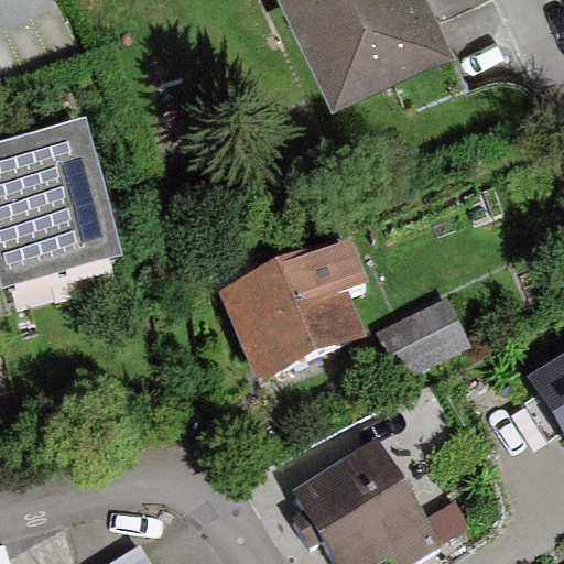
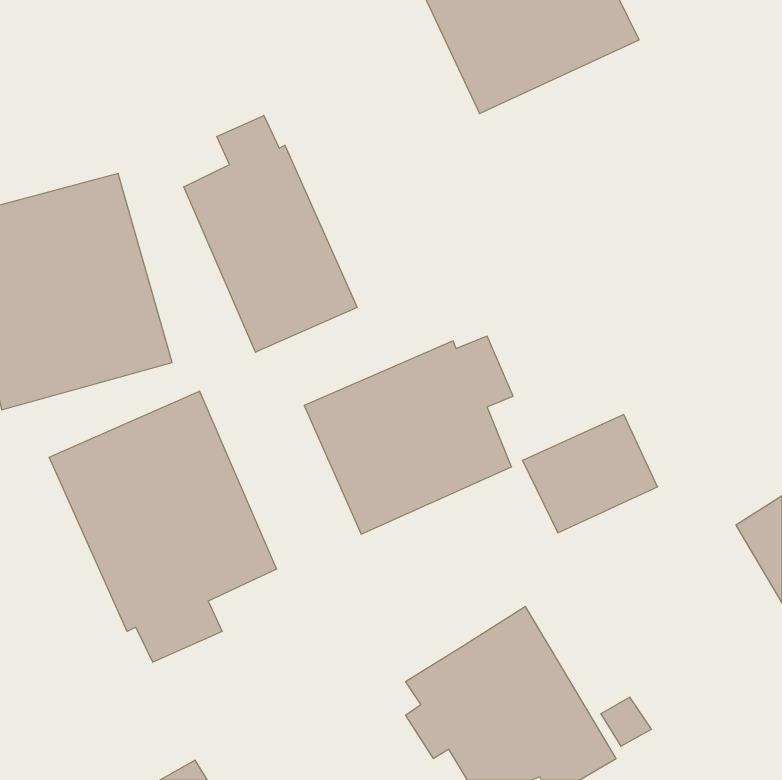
building: none -> [184,115,357,352]
building: none -> [49,391,276,662]

